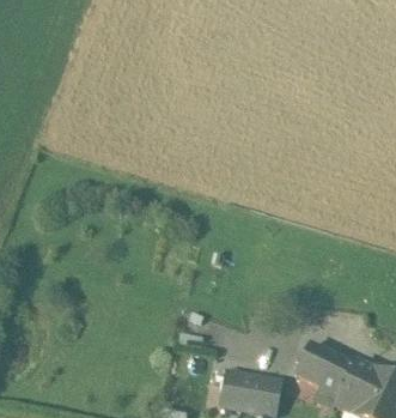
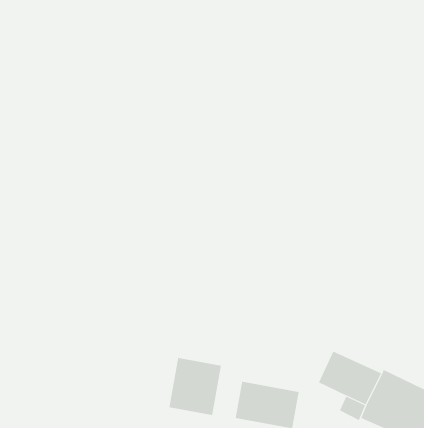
building: none -> [169,357,222,416]

